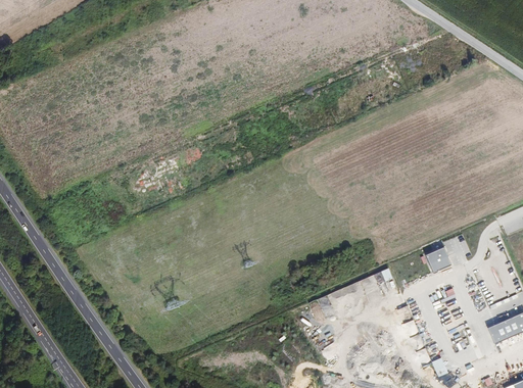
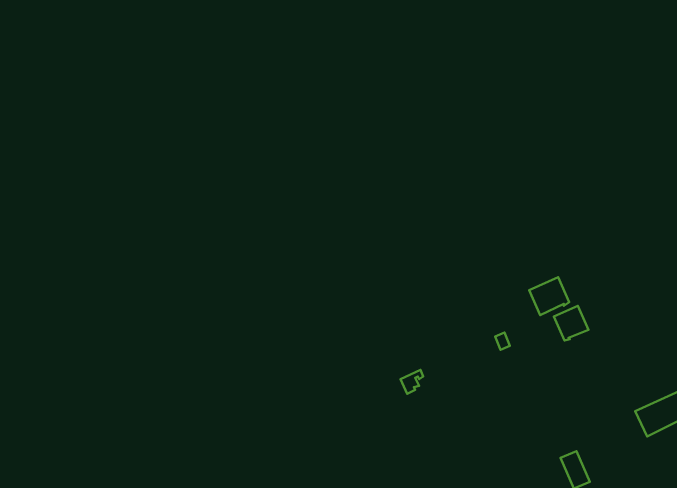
building: none -> [529,277,569,315]

